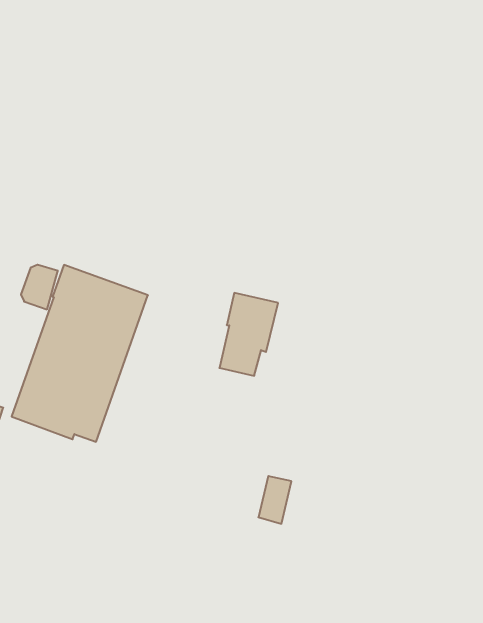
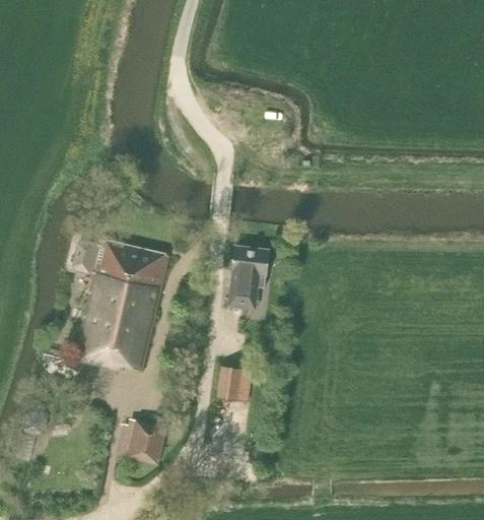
building: [258,476,291,524] -> [217,364,239,399]
building: none -> [127,419,165,465]

